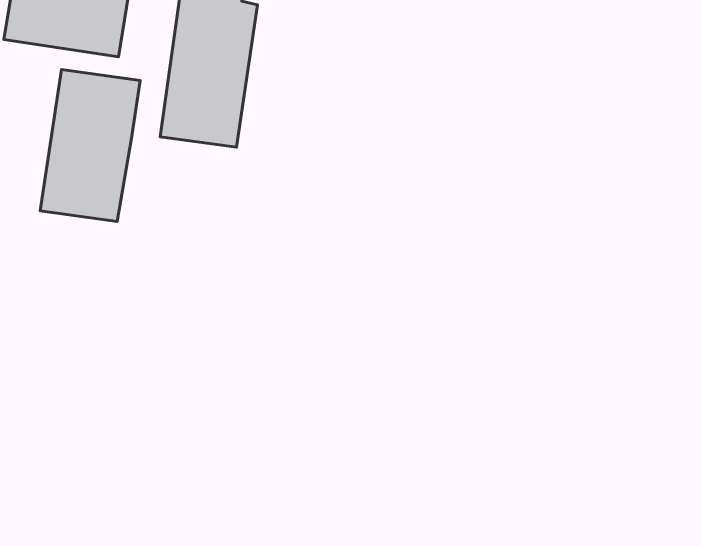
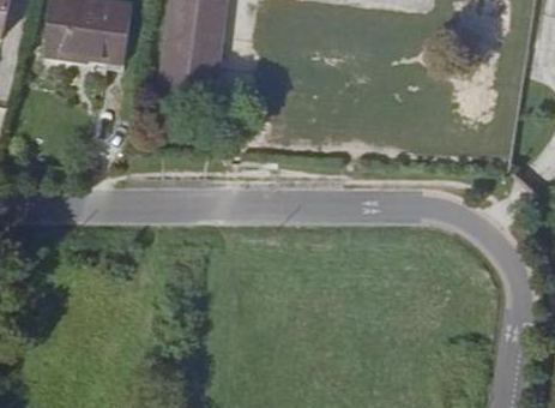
building: [40,70,140,221] -> none

